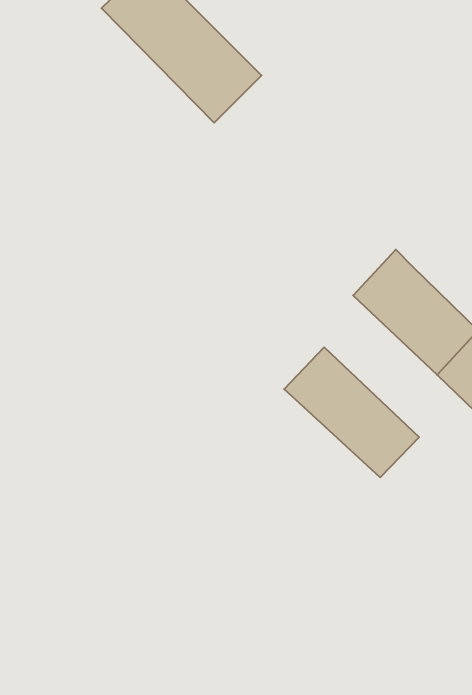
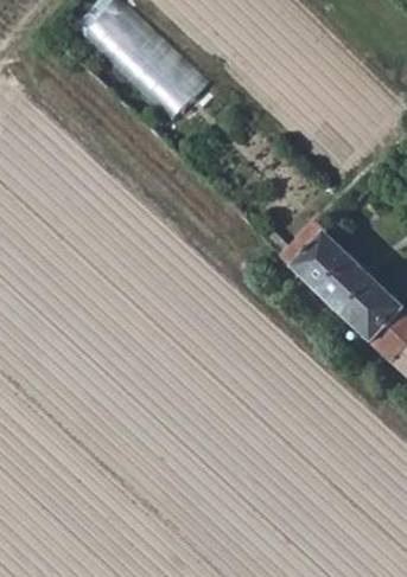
building: [284,347,419,477] -> none

